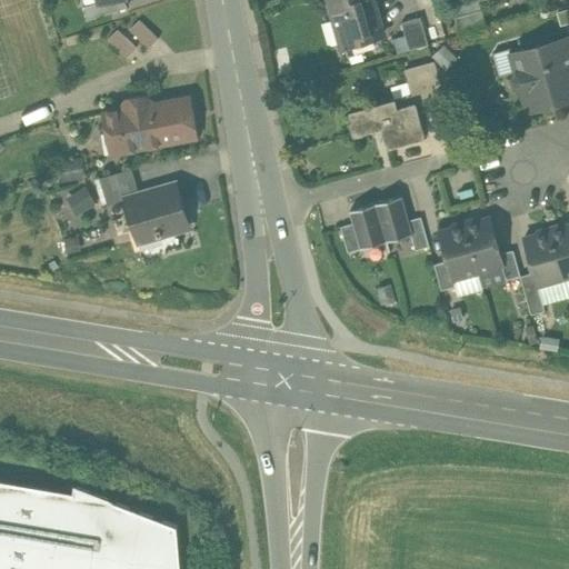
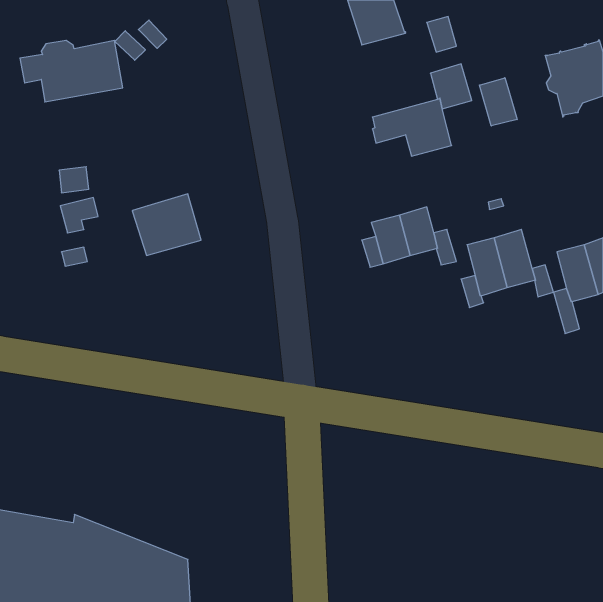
building: none -> [479,78,517,126]
building: [101,96,198,153] -> [20,40,123,102]
building: [99,170,139,206] -> none

